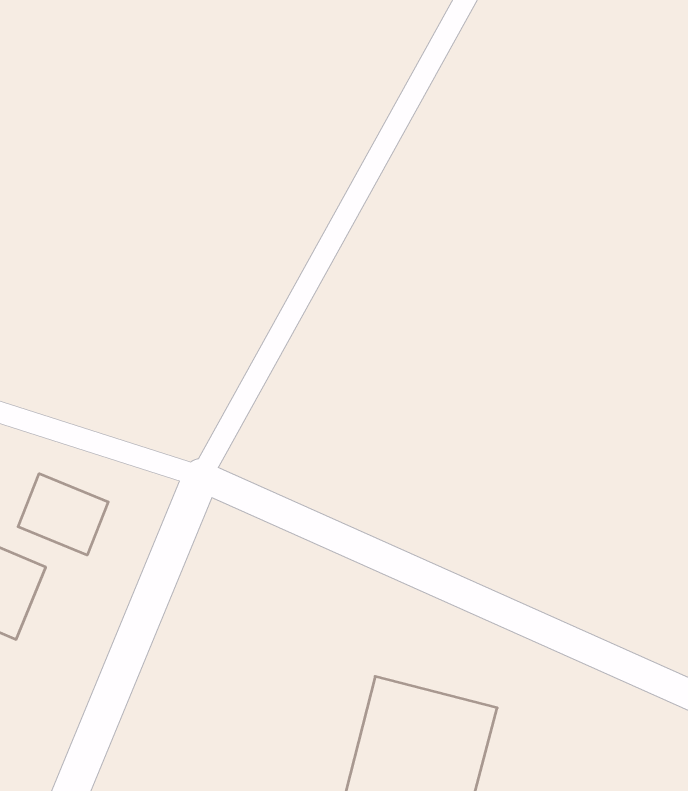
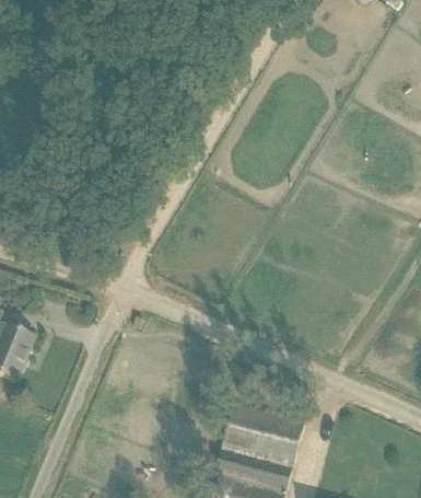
building: [18,474,108,555] -> none

